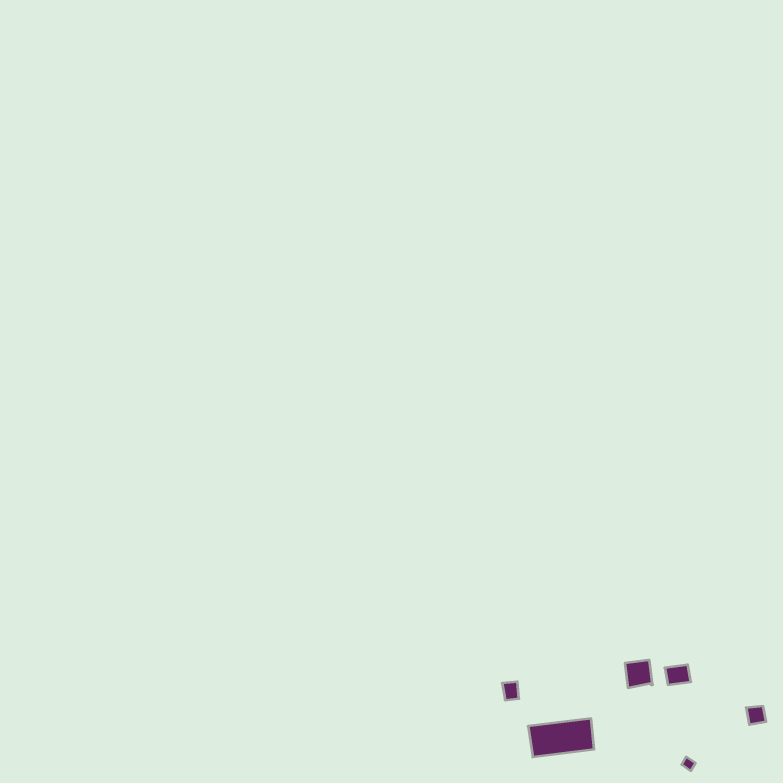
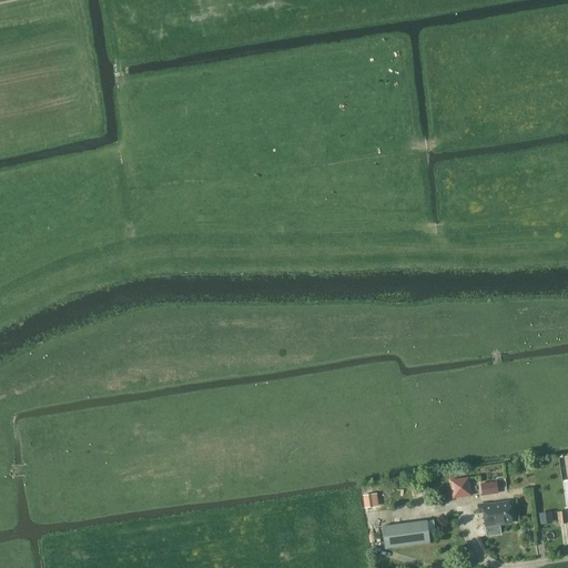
building: none -> [479,501,513,527]

